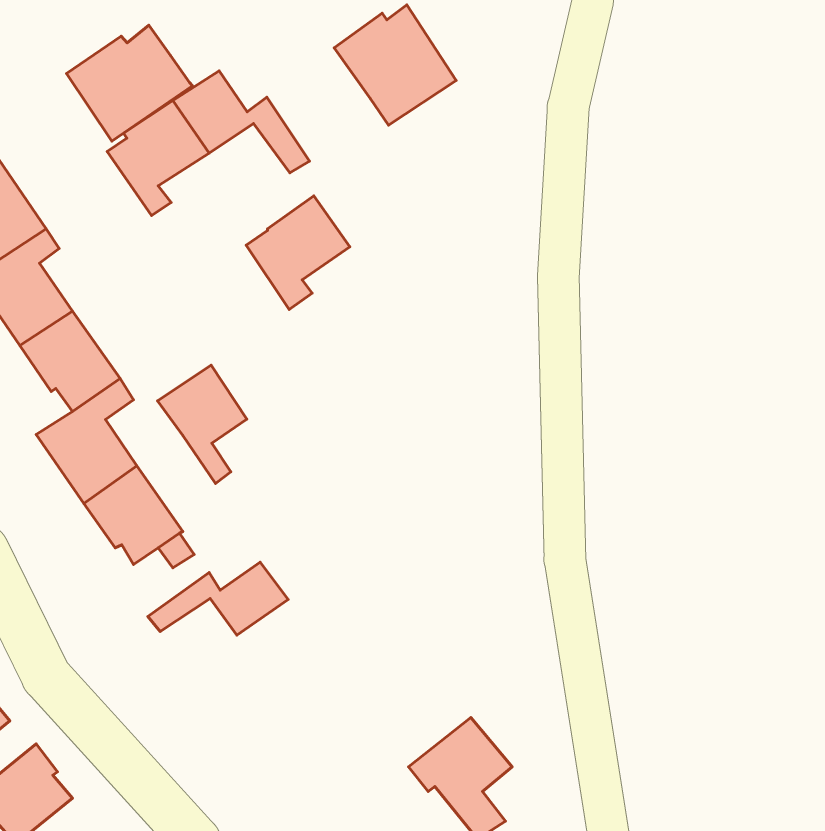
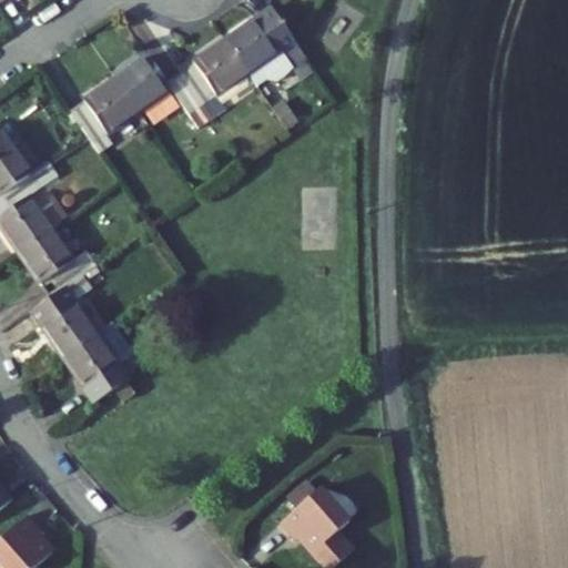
building: [66,25,193,141] -> none
building: [246,196,350,309] -> [180,39,250,115]
building: [158,365,247,484] -> none
building: [148,562,288,635] -> none

